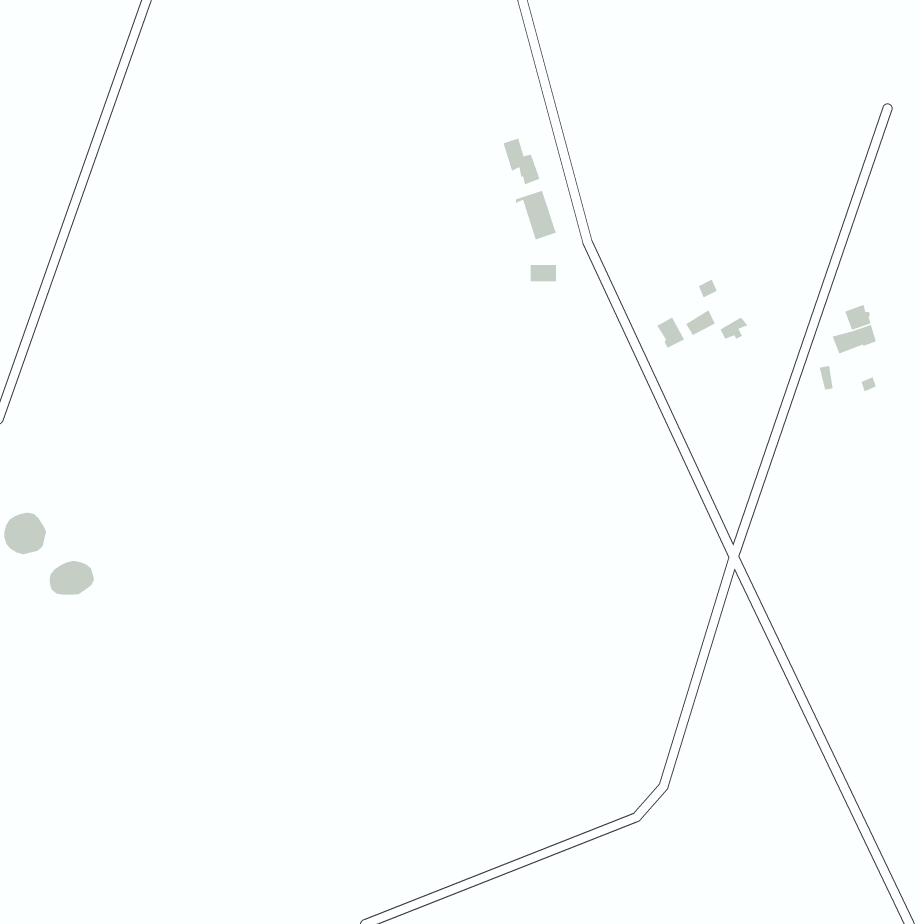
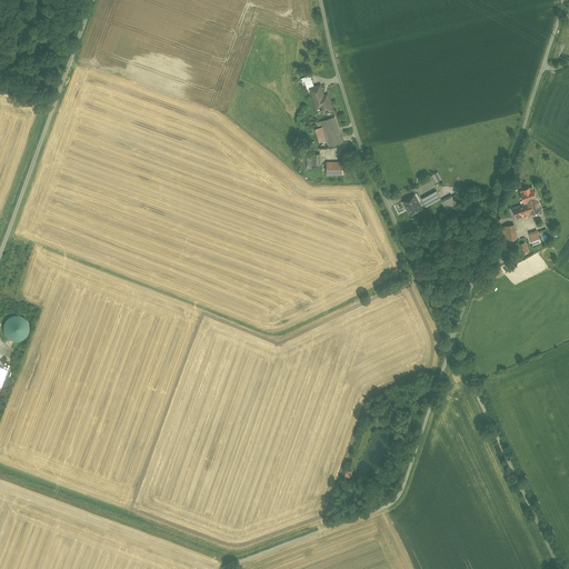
building: [49,560,95,596] -> none

